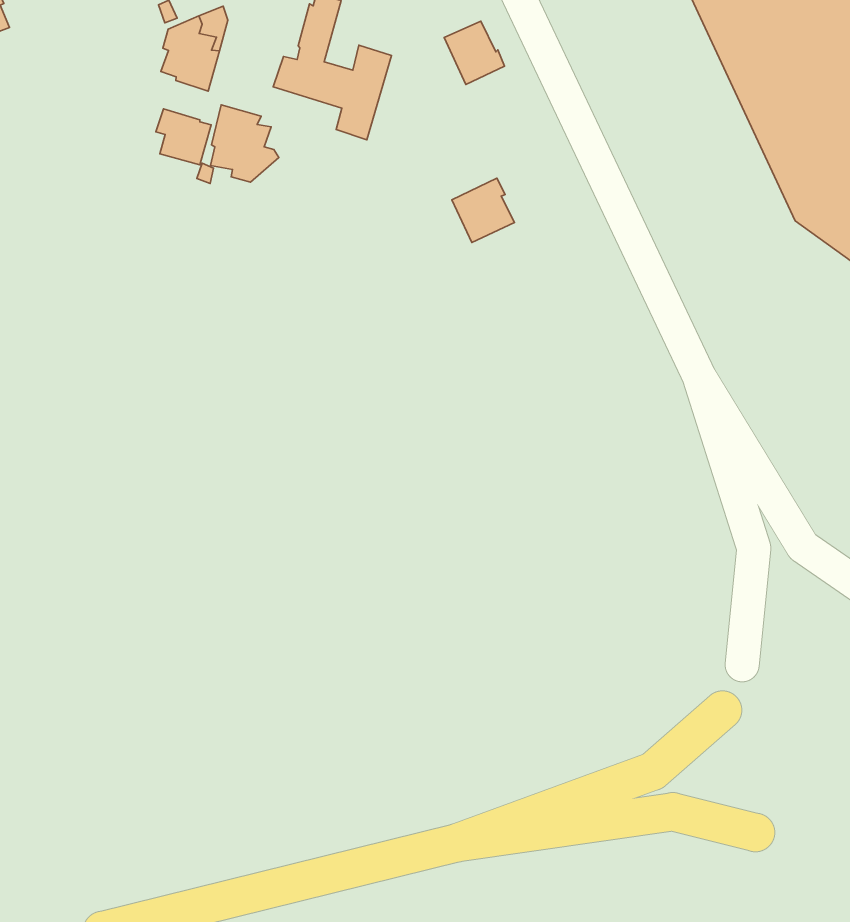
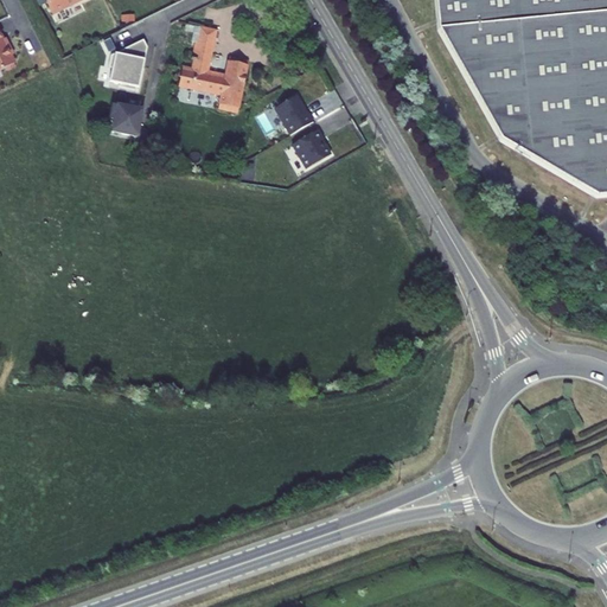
building: [444,21,504,84] -> [276,92,314,132]
building: [211,105,279,182] -> none

